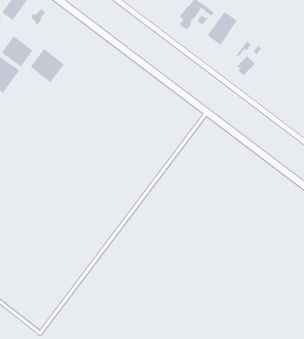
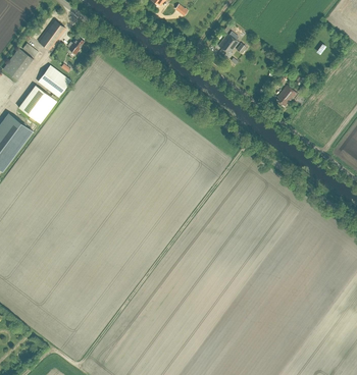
building: [207,11,238,46] -> none
building: [30,48,65,83] -> none

